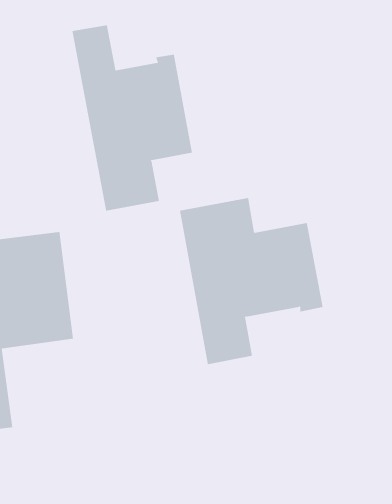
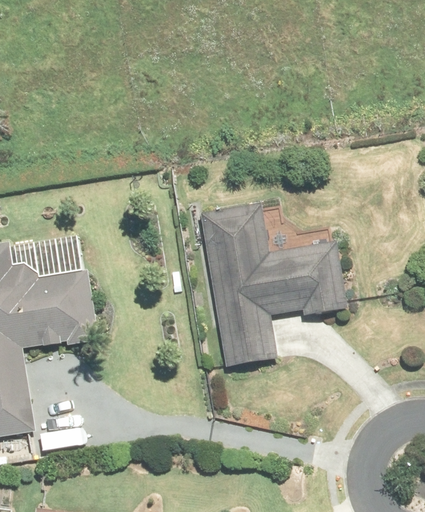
building: [72,24,192,211] -> none

